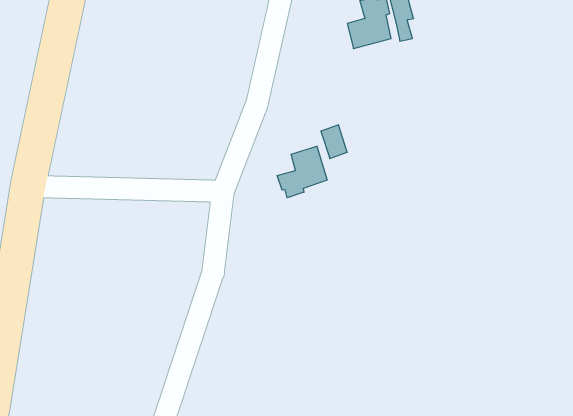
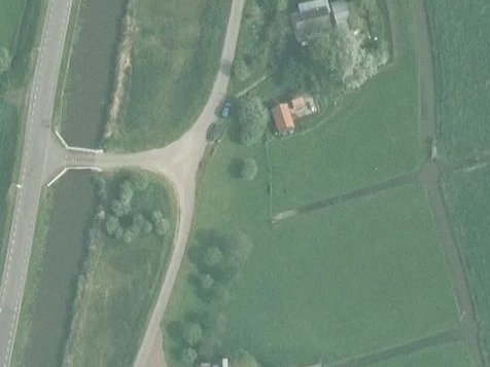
building: [277,146,327,198] -> none

